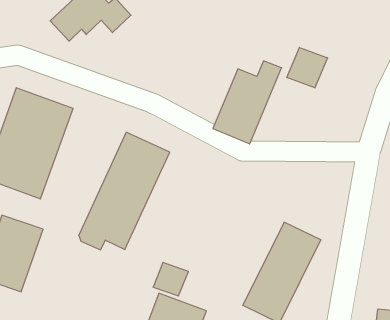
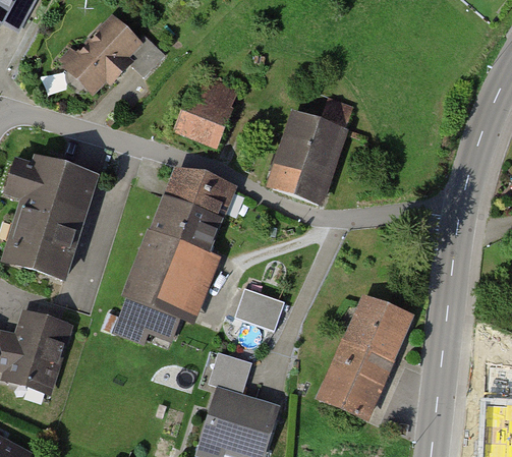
building: [287,47,327,88] -> none
building: none -> [177,96,227,144]
building: none -> [166,170,231,218]
building: none -> [233,287,284,331]

